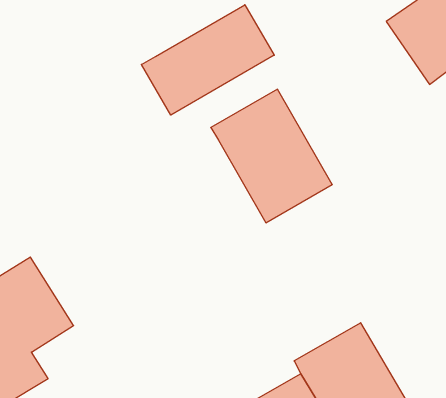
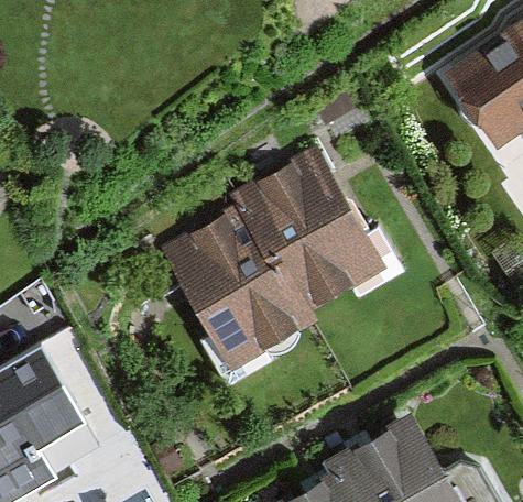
building: [141,5,274,115] -> none
building: none -> [171,209,317,368]

